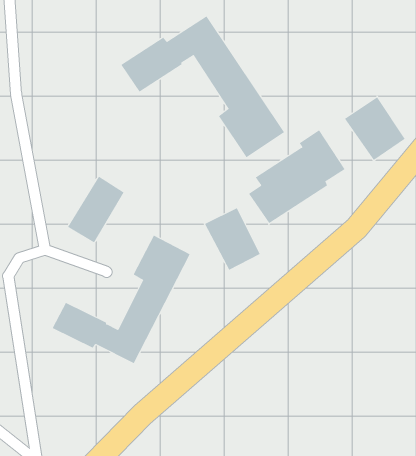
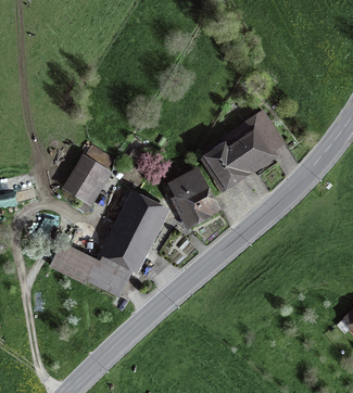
building: [121,15,285,158] -> none
building: [344,96,405,161] -> none

